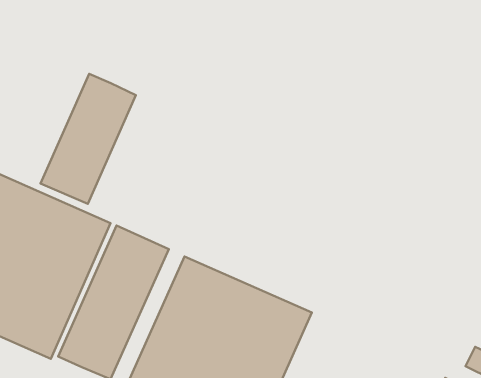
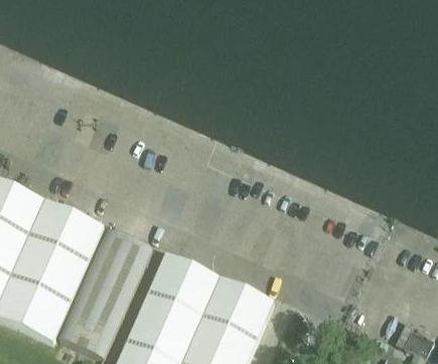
building: [41,74,136,204] -> none

